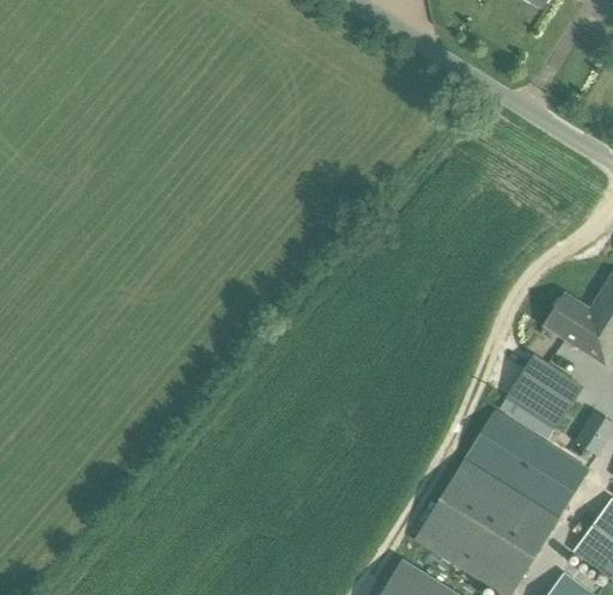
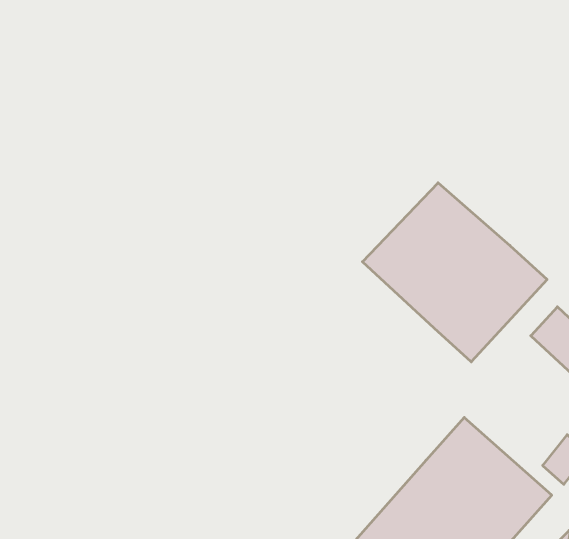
building: none -> [362,183,547,362]
building: [505,352,585,429] -> none

